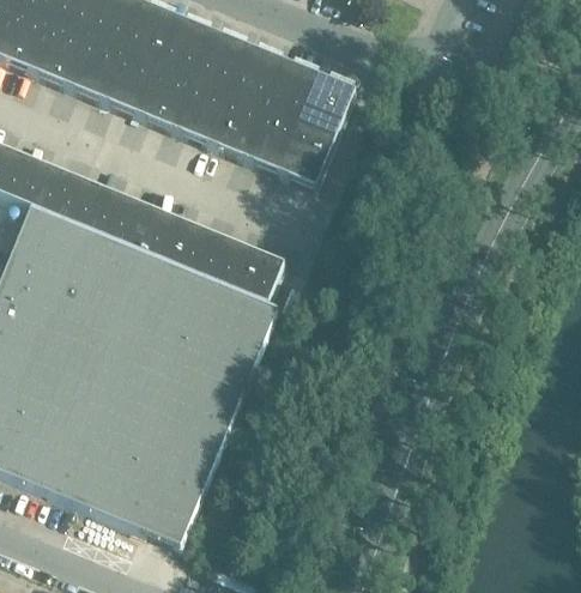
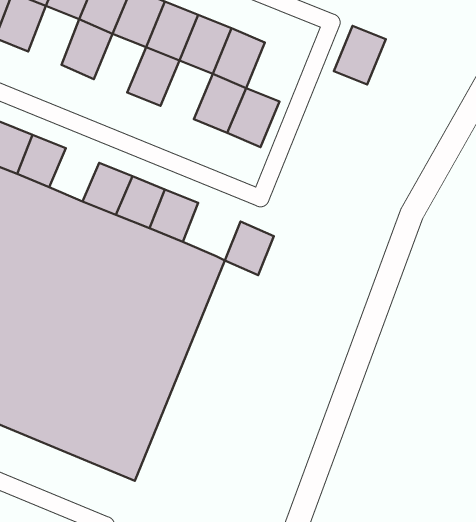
building: [63,31,119,95] -> none
building: [134,61,190,125] -> none
building: [298,71,355,134] -> [334,26,386,85]
building: [206,90,262,153] -> none
building: [86,184,140,242] -> none
building: [230,243,283,301] -> [225,222,274,275]

